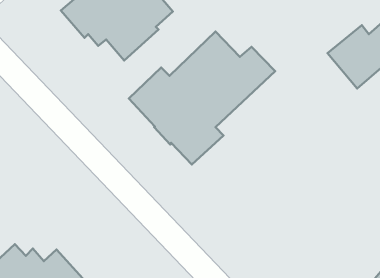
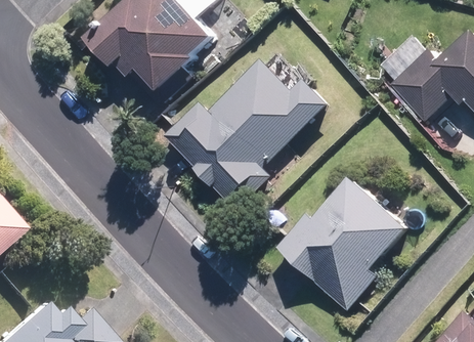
building: none -> [274,173,410,310]

